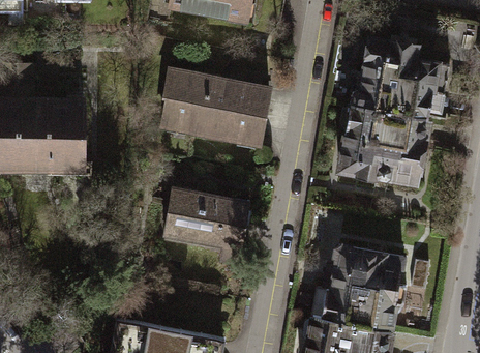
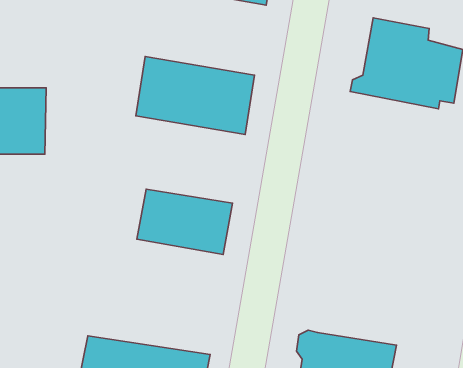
building: [341,105,430,186] -> none
building: [323,248,409,330] -> none

